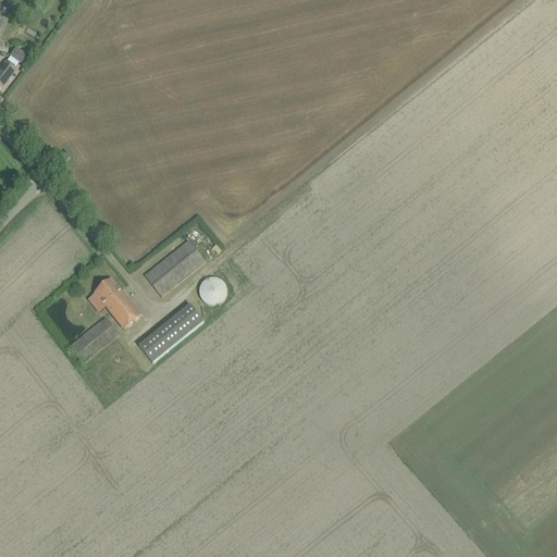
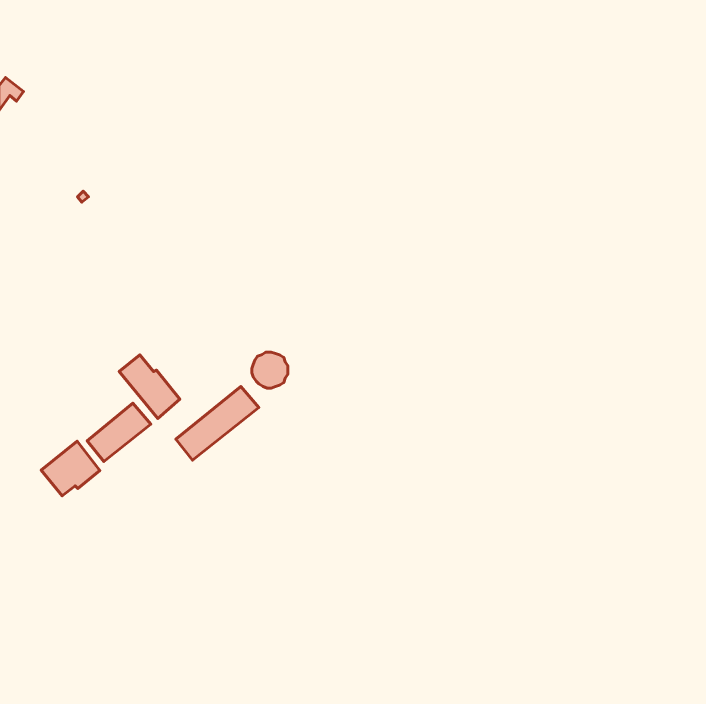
building: [144,239,205,296] -> none
building: none -> [41,441,100,496]

